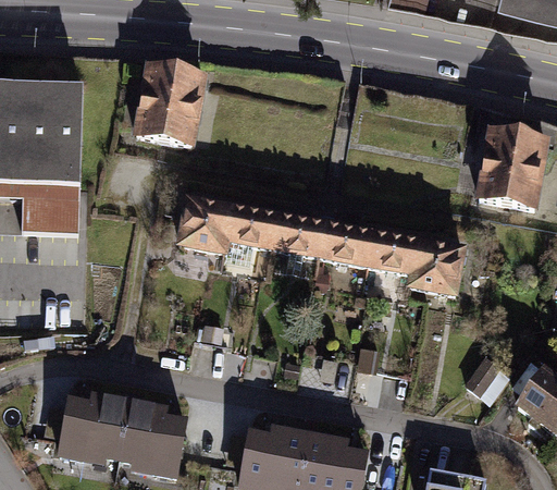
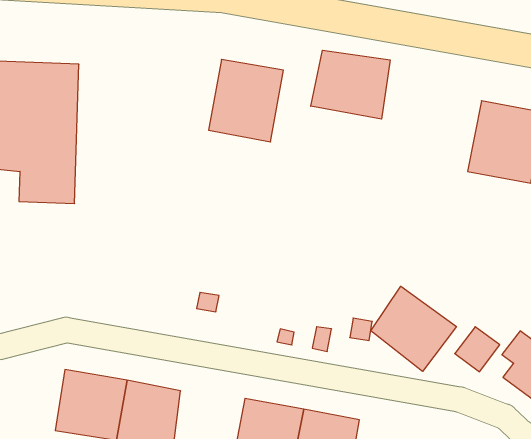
building: [133,61,209,145] -> [209,59,283,142]
building: none -> [311,50,390,119]
building: [176,192,468,293] -> none
building: none -> [371,286,456,371]

